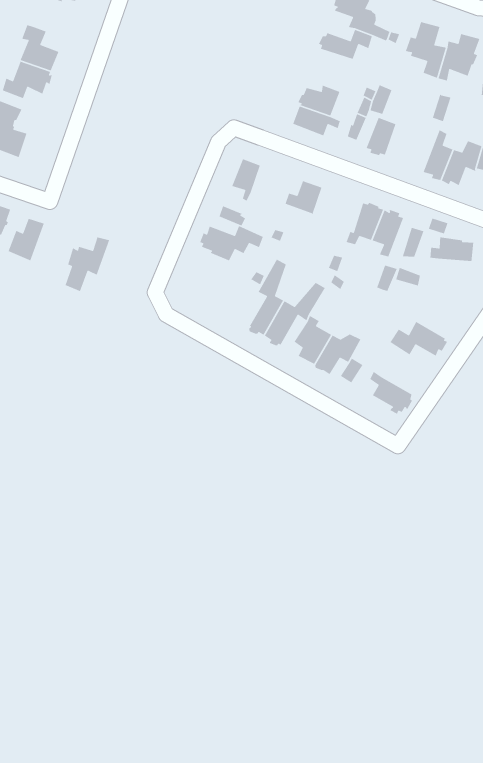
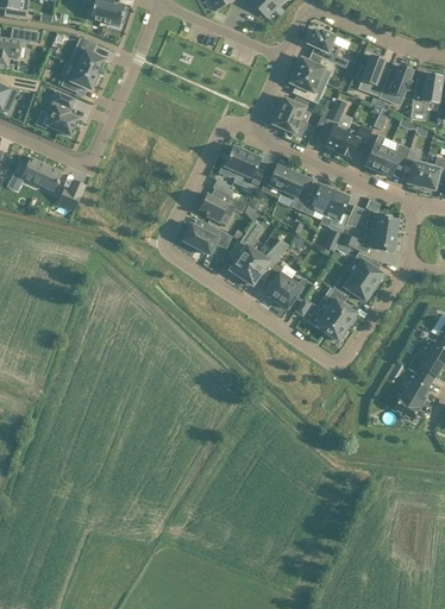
building: none -> [290,69,319,101]
building: none -> [337,125,371,157]
building: none -> [238,151,265,192]
building: none -> [280,170,309,209]
building: [65,236,110,292] -> none
building: none -> [362,228,397,251]
building: none -> [181,221,220,253]
building: none -> [352,251,383,287]
building: none -> [325,288,356,326]

